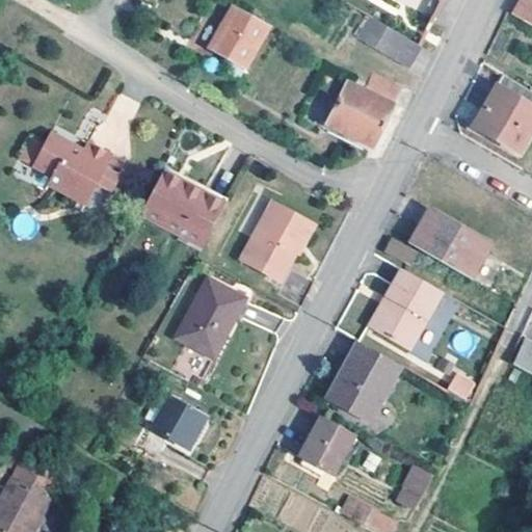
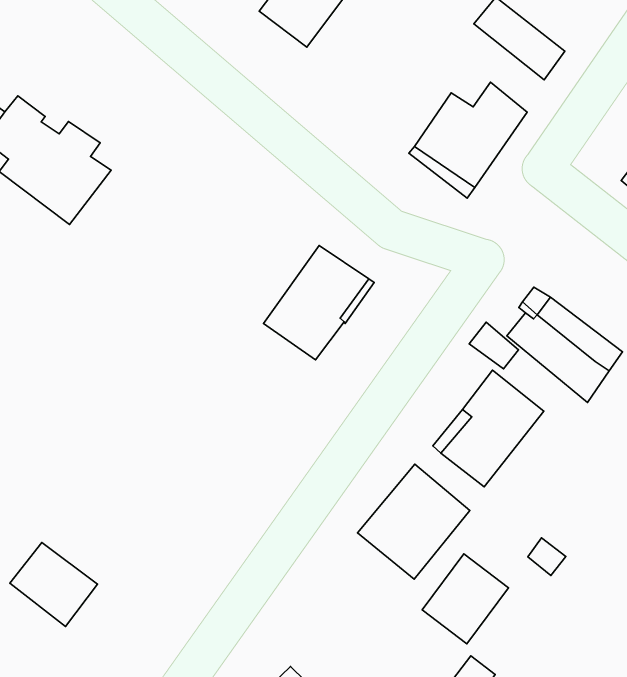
building: [141,171,224,243] -> none
building: [177,281,244,357] -> none
building: [152,395,212,450] -> [10,543,98,626]
building: [298,415,355,476] -> [422,554,509,644]

